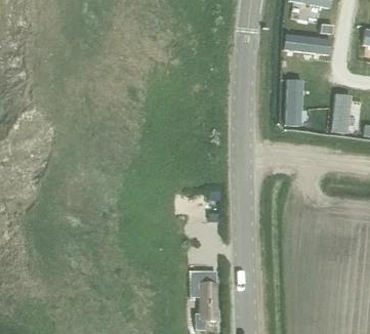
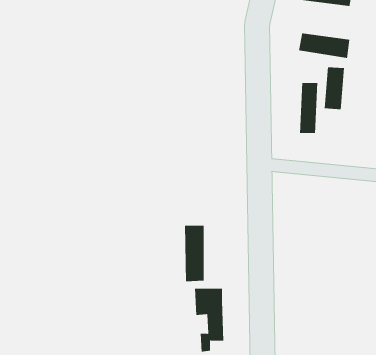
building: [332,93,352,133] -> [324,67,345,110]
building: none -> [184,225,204,282]

